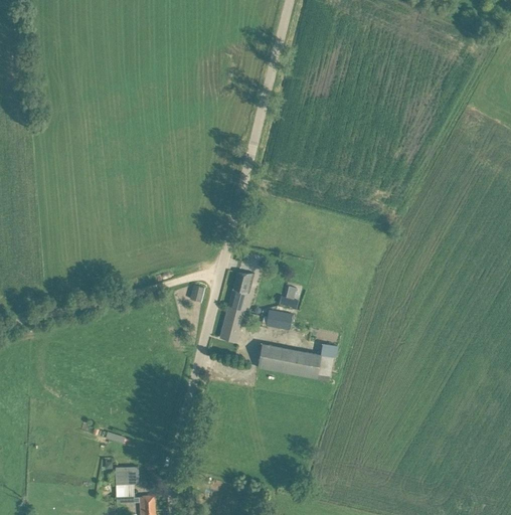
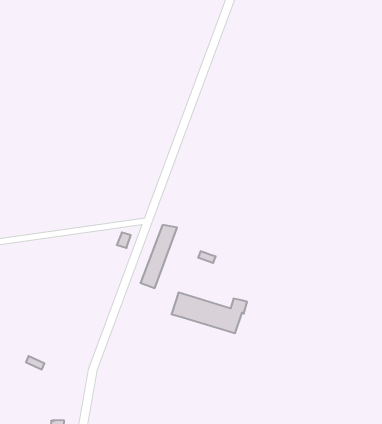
building: [262,309,293,330] -> none
building: [116,466,140,484] -> none

